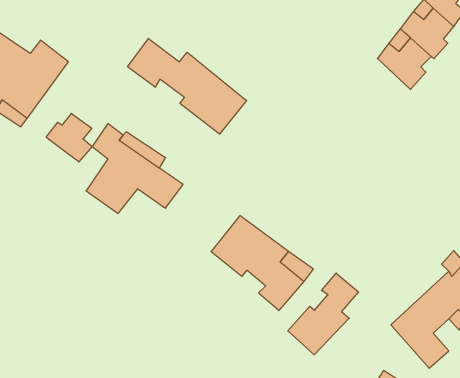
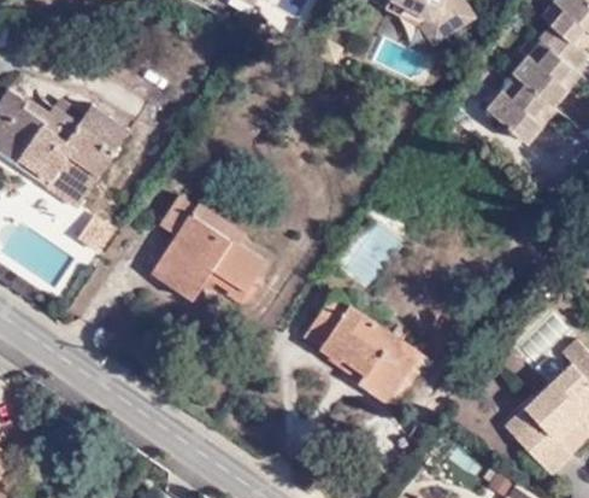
building: [128,38,247,134] -> none
building: [46,113,92,162] -> none
building: [288,273,359,355] -> none

